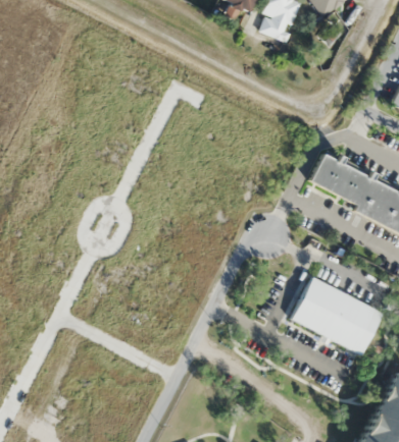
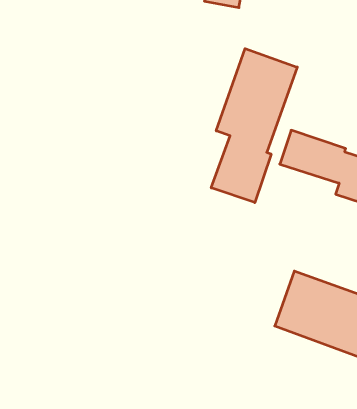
building: none -> [211,49,297,203]

